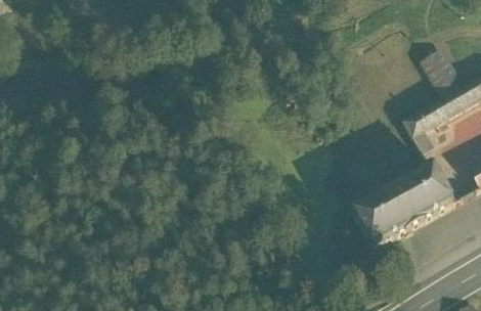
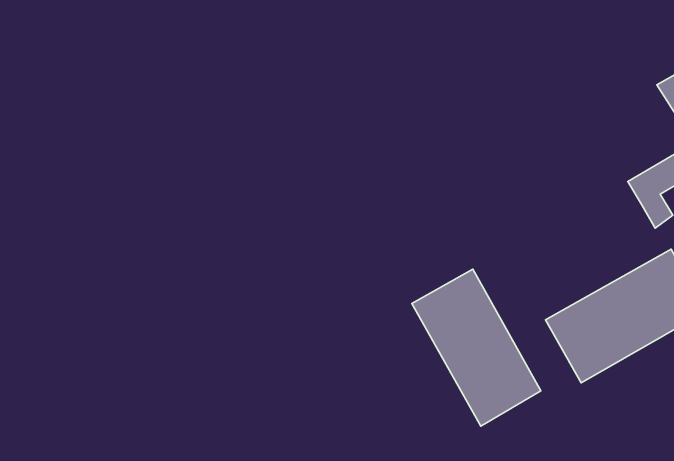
building: none -> [412,269,541,426]

